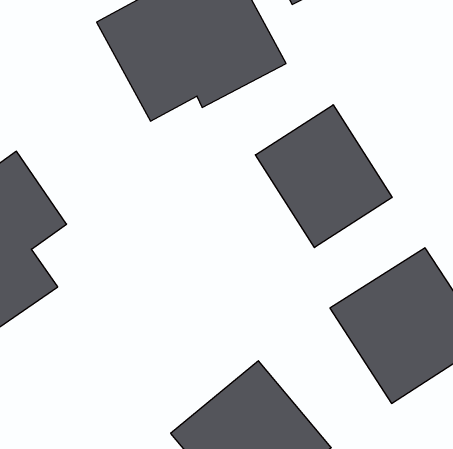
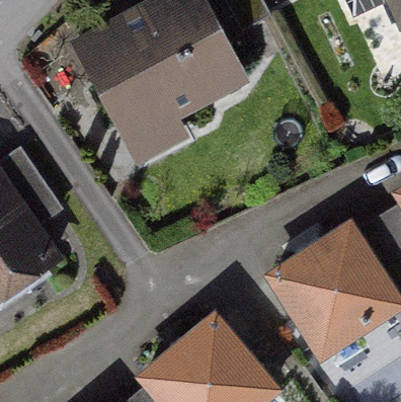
building: [255,105,392,248] -> none

